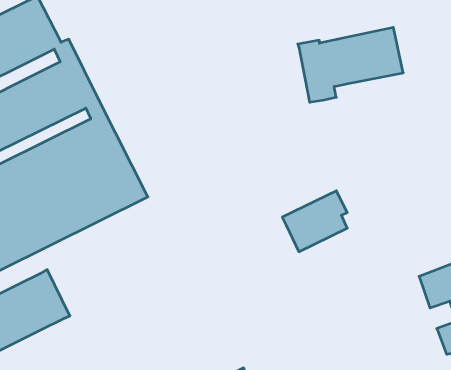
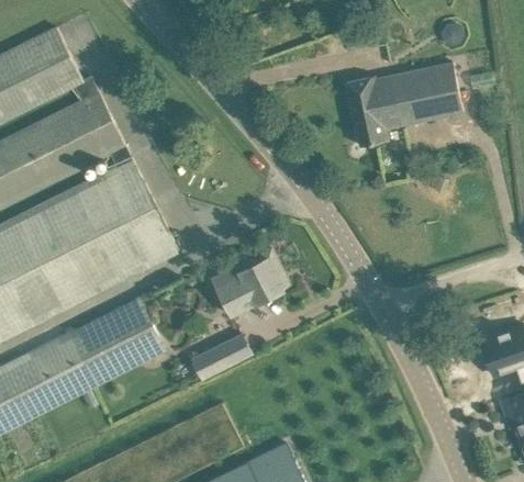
building: [282,191,347,252] -> [210,249,282,317]
building: none -> [66,298,164,385]
building: none -> [191,336,250,380]

